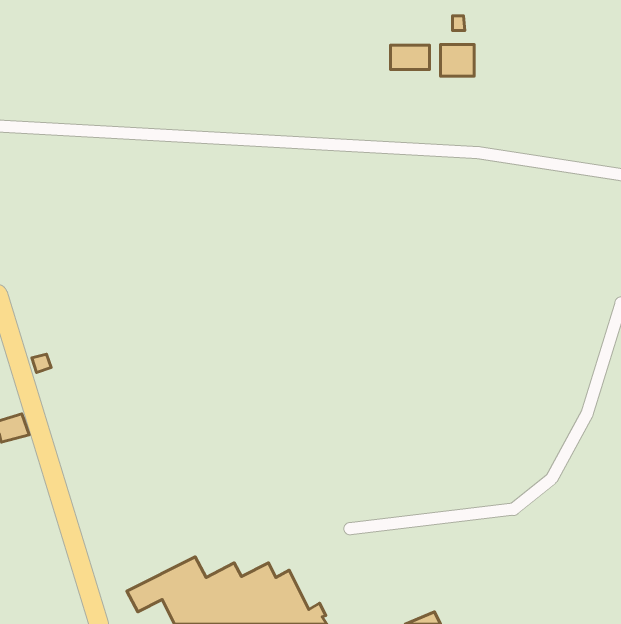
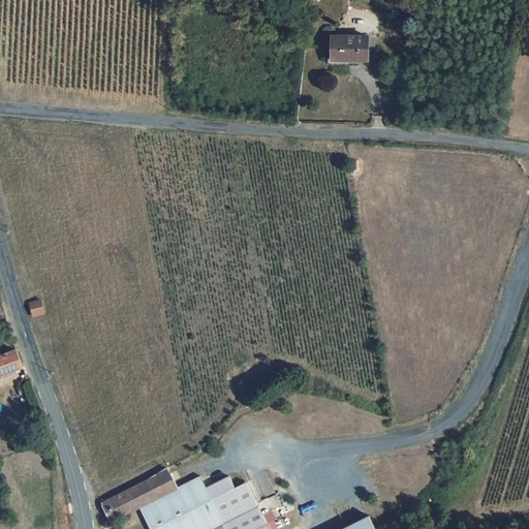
building: [441,45,474,76] -> none

